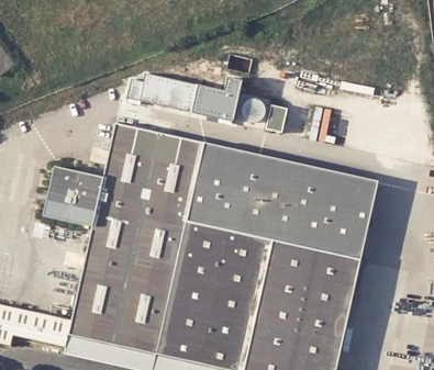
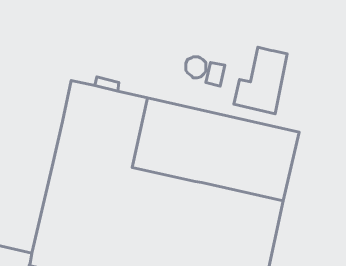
building: [135,69,251,117] -> none
building: none -> [234,47,287,114]
building: [44,157,107,221] -> none

